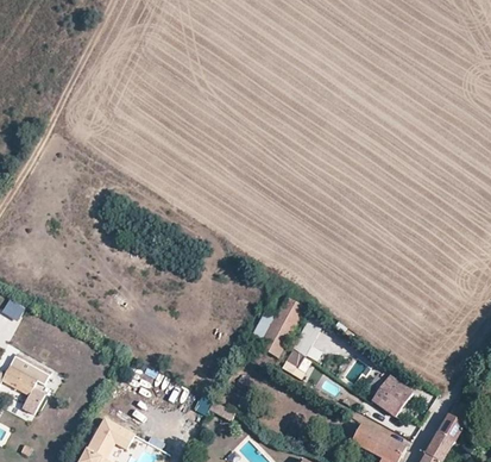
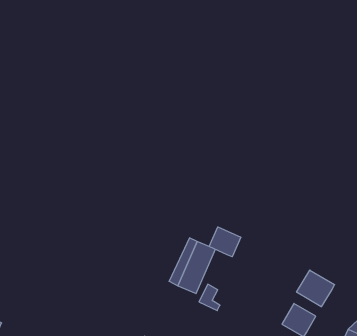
building: none -> [209,227,241,257]
building: none -> [297,270,335,307]

